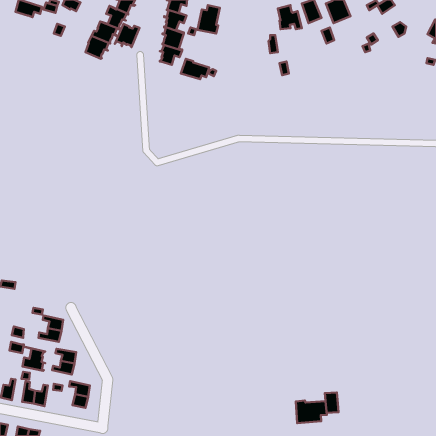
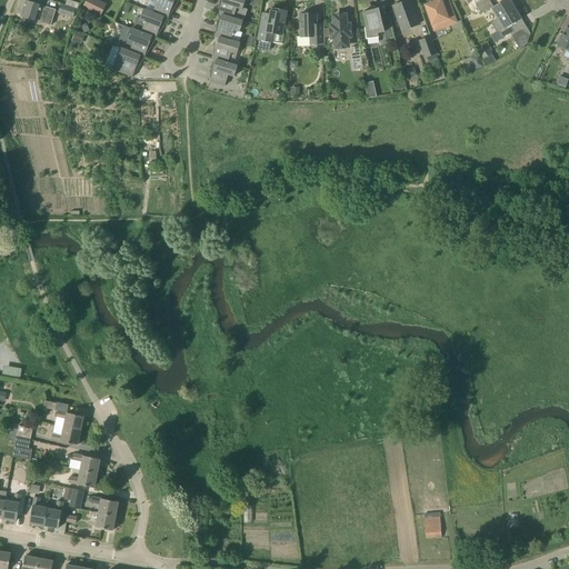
building: none -> [489,7,520,38]
building: none -> [299,11,323,43]
building: none -> [329,13,350,47]
building: [115,24,140,47] -> none
building: [181,59,209,79] -> none
building: [22,347,45,371] -> none
building: [296,401,327,423] -> none

